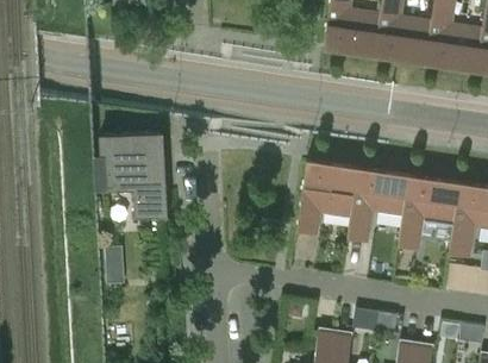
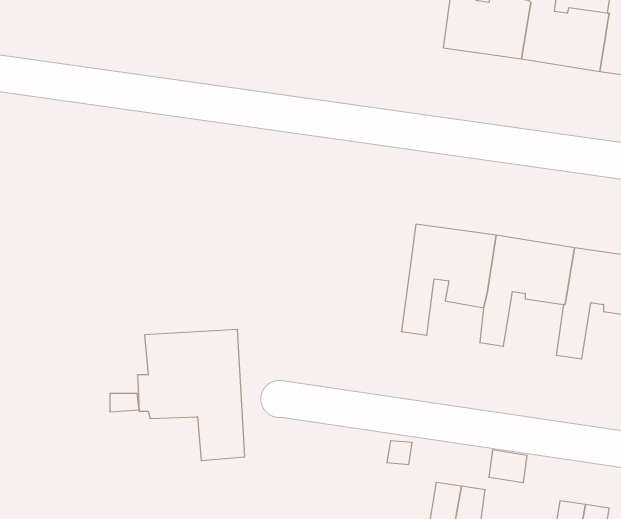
building: [96,133,167,219] -> [137,329,245,460]

